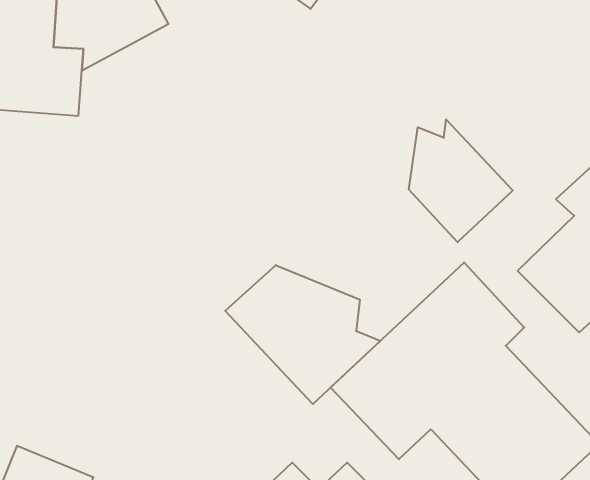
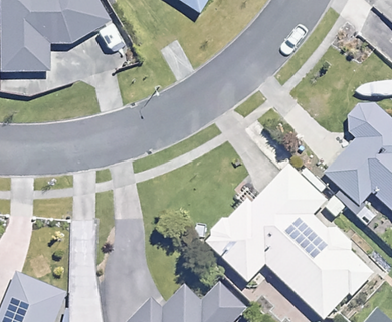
building: [409,119,513,242] -> none
building: [225,265,380,404] -> none

